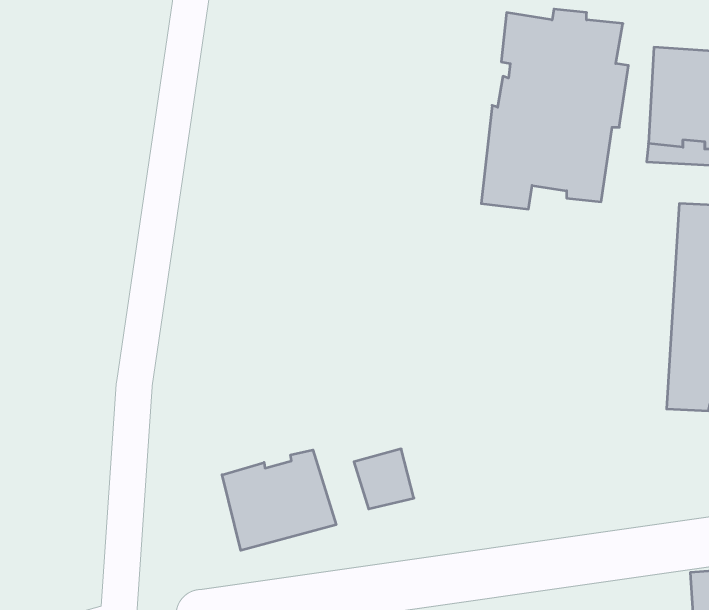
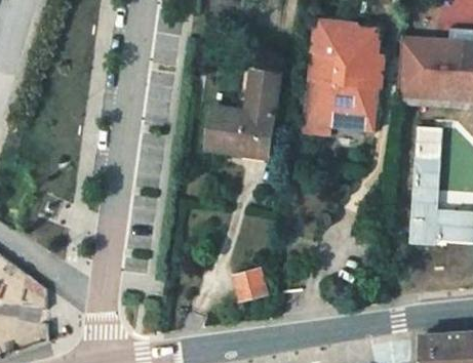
building: none -> [210,69,280,158]
building: [222,450,336,550] -> none

